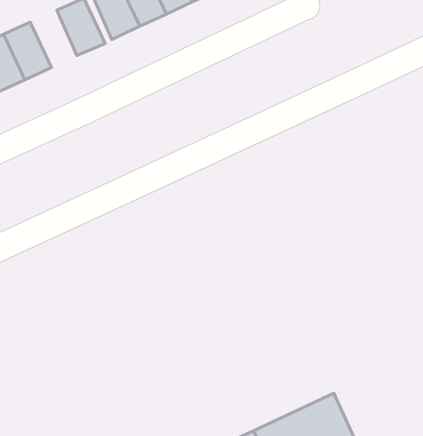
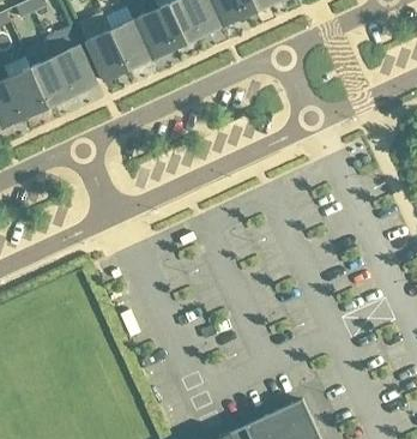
building: none -> [30,55,72,107]

